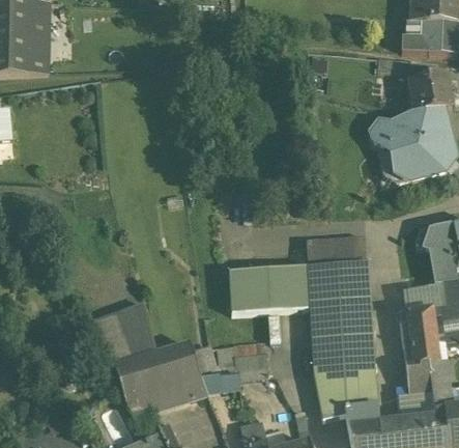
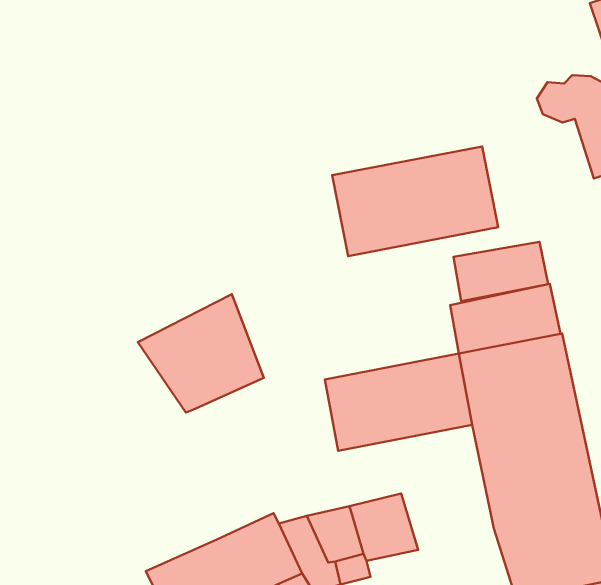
building: none -> [332,146,498,256]
building: none -> [453,242,548,301]
building: [87,303,155,366] -> [138,294,264,413]

